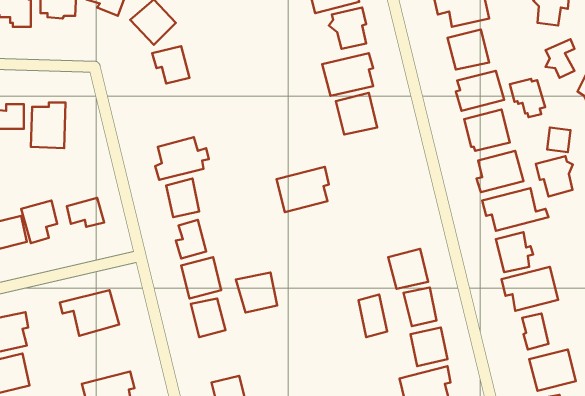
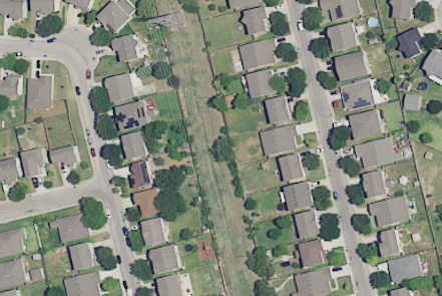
building: [510,79,545,117] -> none
building: none -> [105,72,136,102]
building: none -> [266,95,291,124]
building: [536,156,573,196] -> none
building: [277,167,329,212] -> [258,123,296,157]
building: none -> [280,154,306,182]
building: [236,273,277,312] -> [149,245,179,274]
building: [358,295,387,337] -> none
building: none -> [71,242,94,268]

